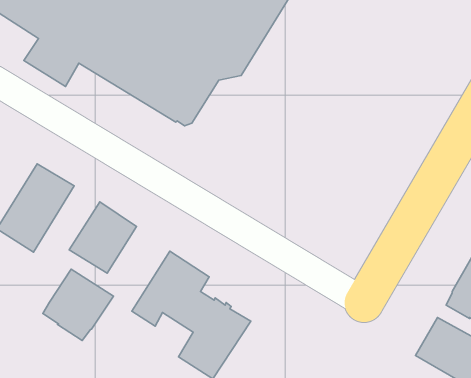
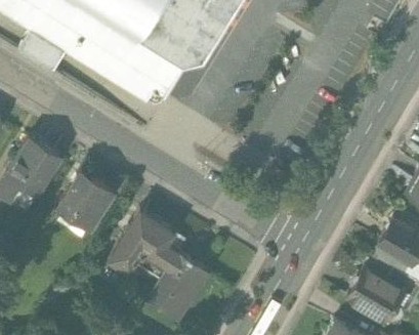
building: [43,269,113,341] -> none

